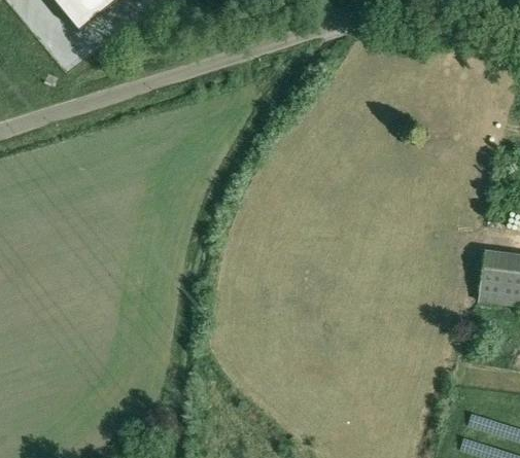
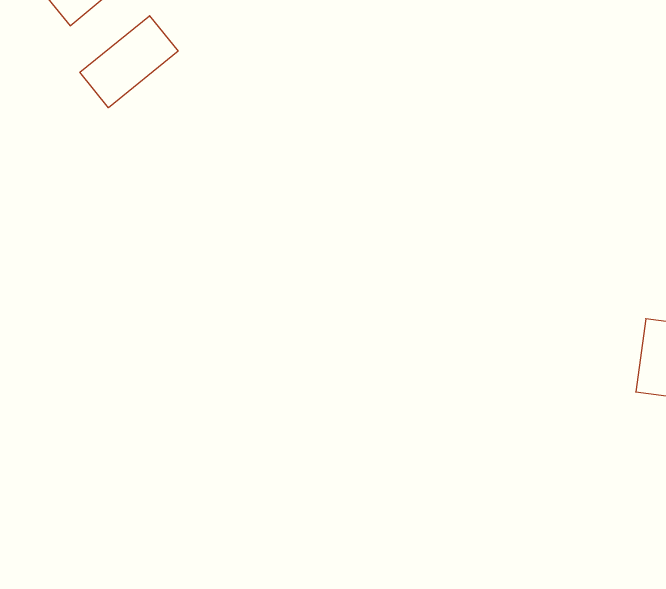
building: none -> [80,16,178,108]

